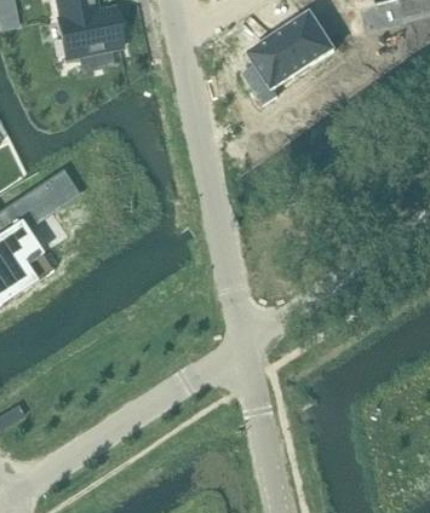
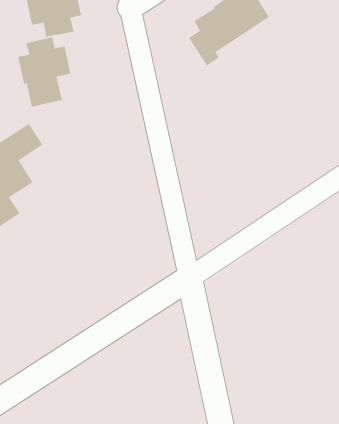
building: none -> [18,36,71,108]

